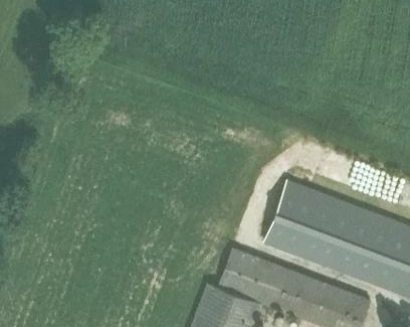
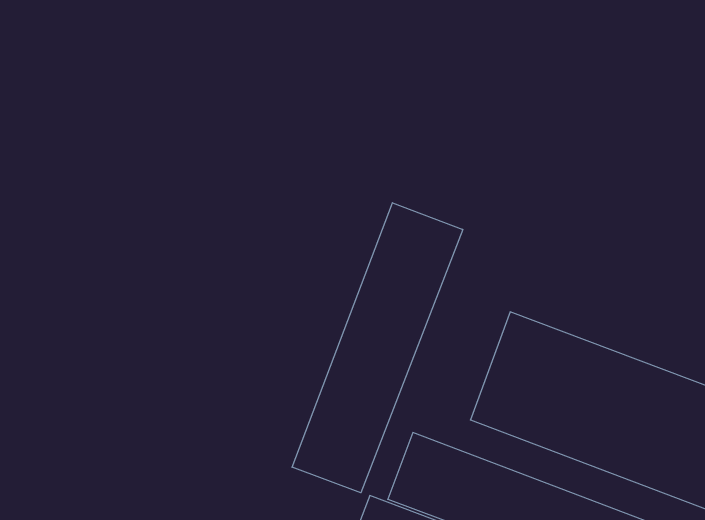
building: none -> [292,203,463,493]

